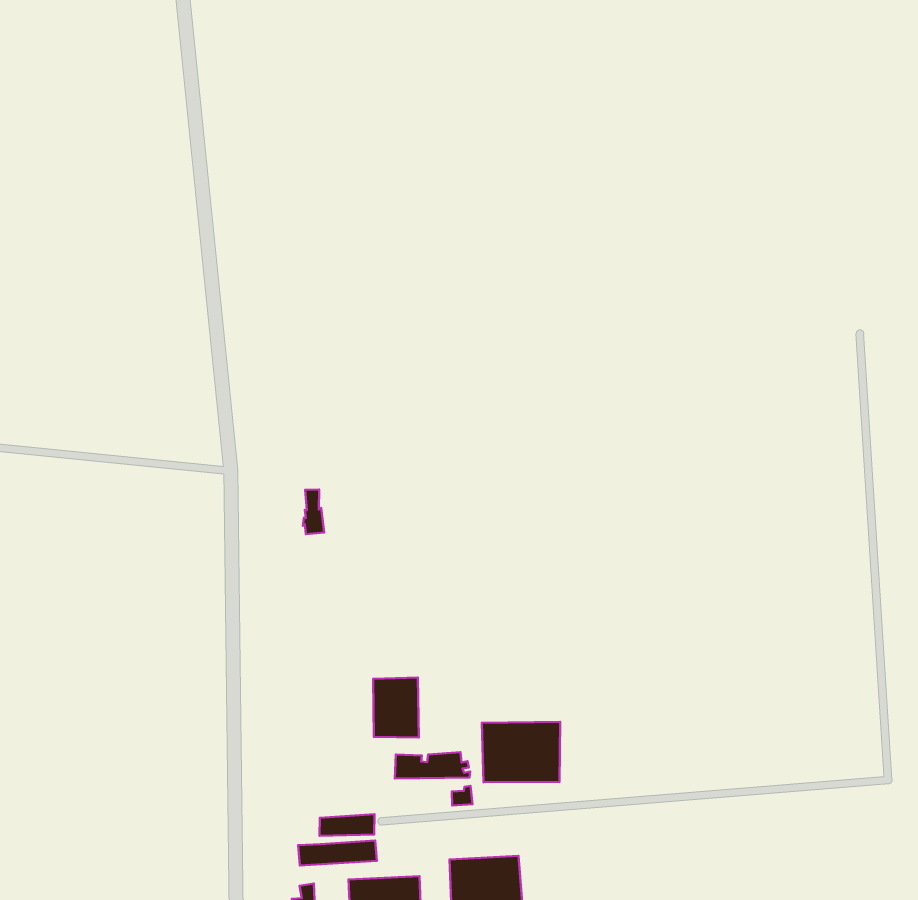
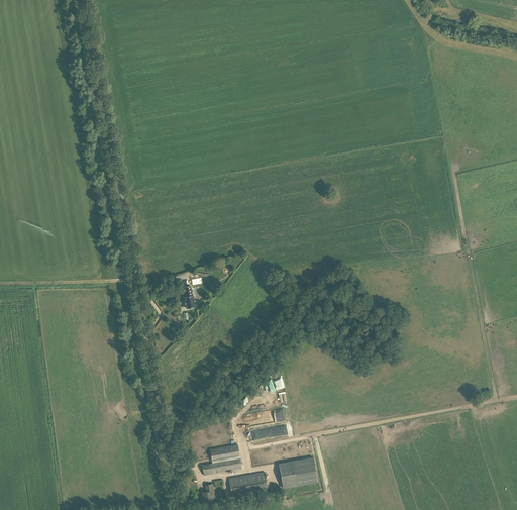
building: [373,678,419,738] -> none
building: [482,722,560,782] -> none

